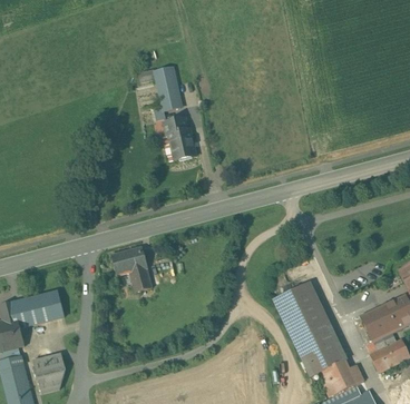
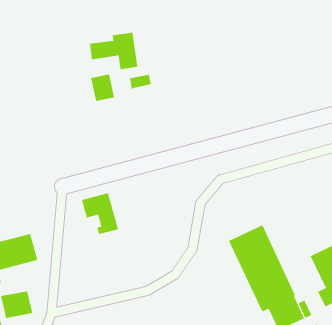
building: [169,128,197,158] -> [89,74,115,102]

